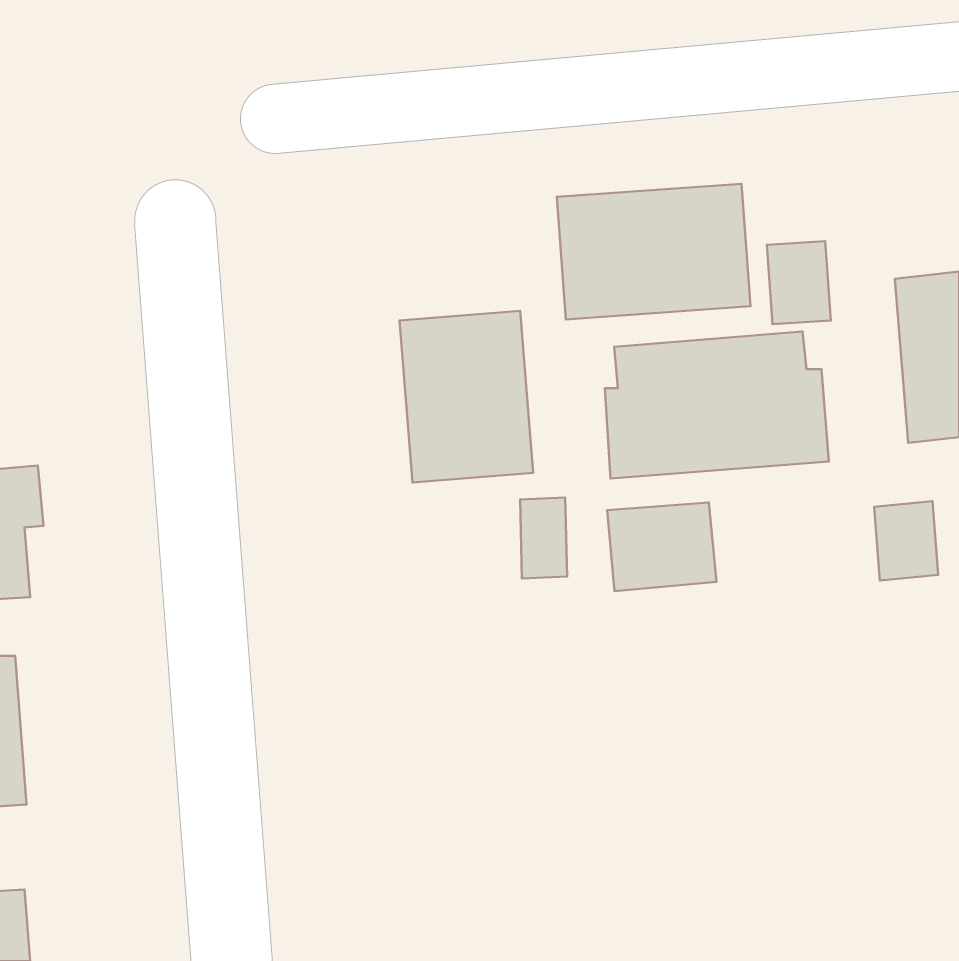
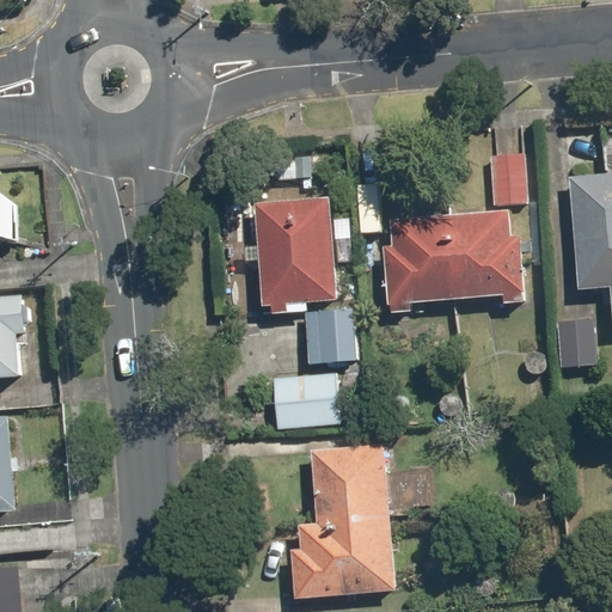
building: [557,184,751,319] -> none
building: [607,503,716,591] -> [270,373,339,429]
building: none -> [292,443,396,598]

